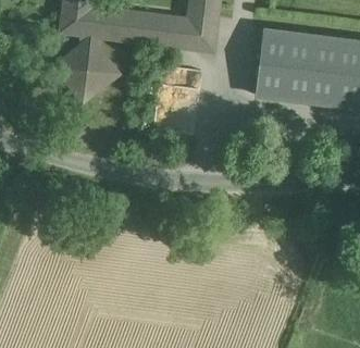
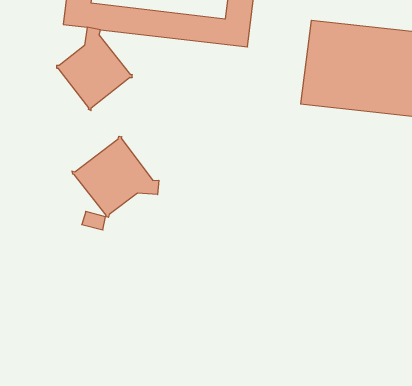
building: none -> [72,136,159,217]

